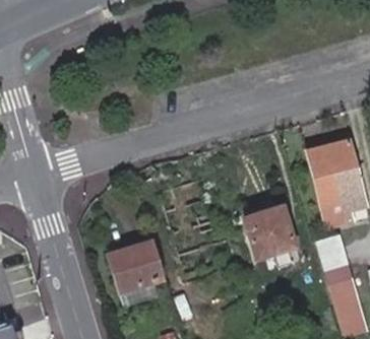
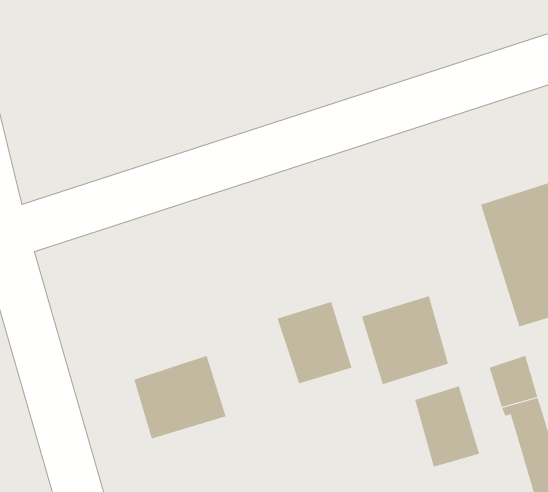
building: none -> [277,301,352,384]
building: none -> [415,385,480,468]

